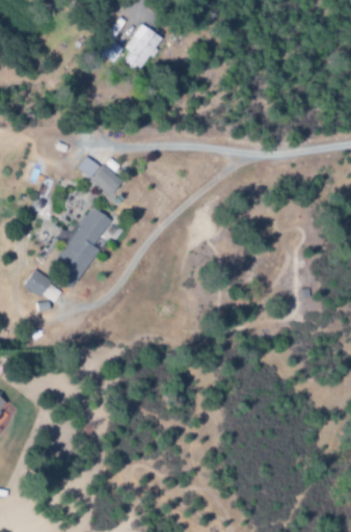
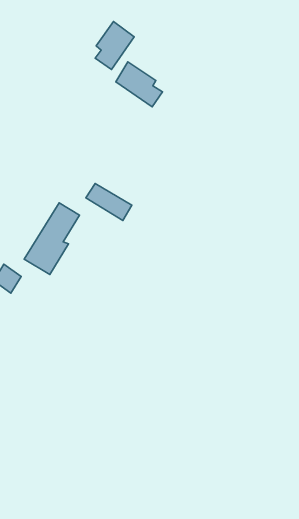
building: none -> [116,62,162,107]
building: [77,157,124,194] -> [86,184,132,220]

